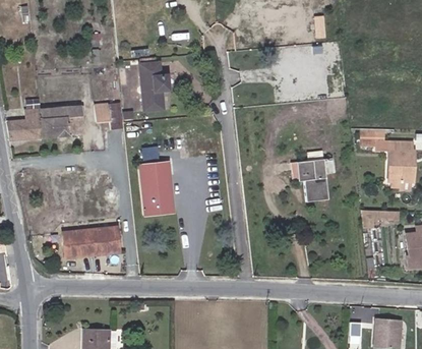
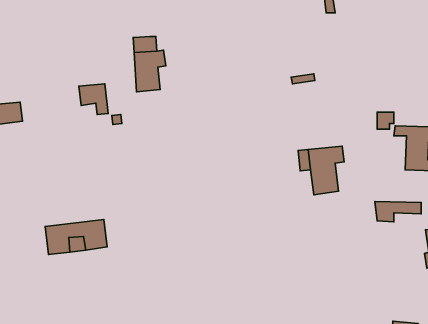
building: [40,107,82,136] -> none
building: [137,160,174,214] -> none

